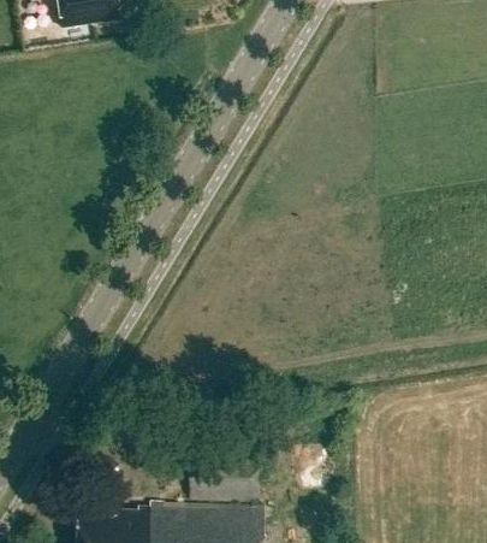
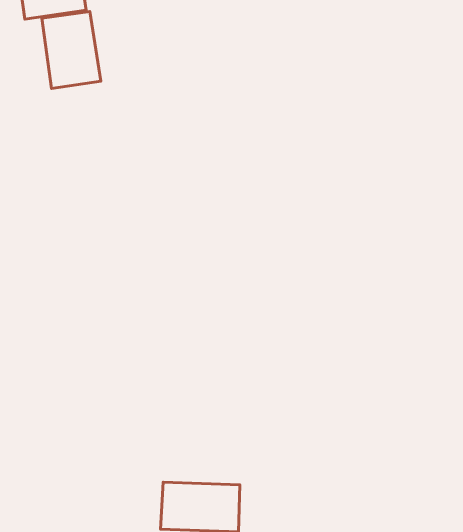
building: none -> [42,11,101,88]

